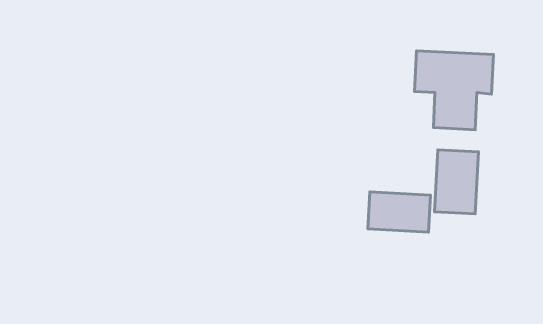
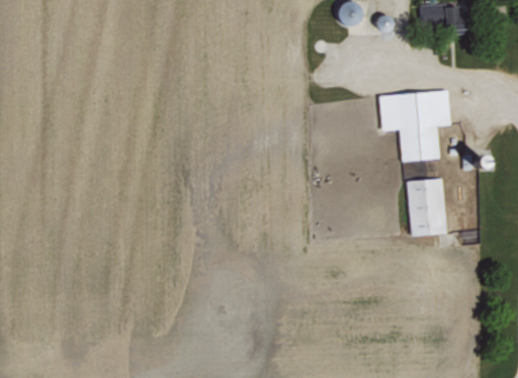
building: [368,192,431,232] -> none

